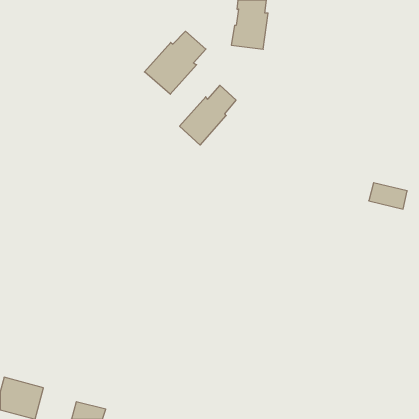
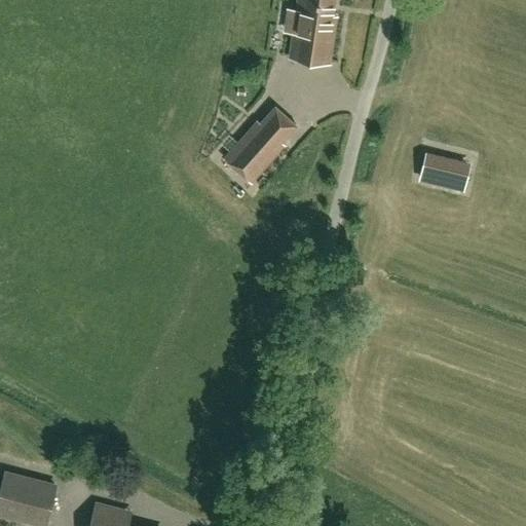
building: [144,31,206,94] -> none
building: [369,183,407,209] -> [420,156,468,189]

